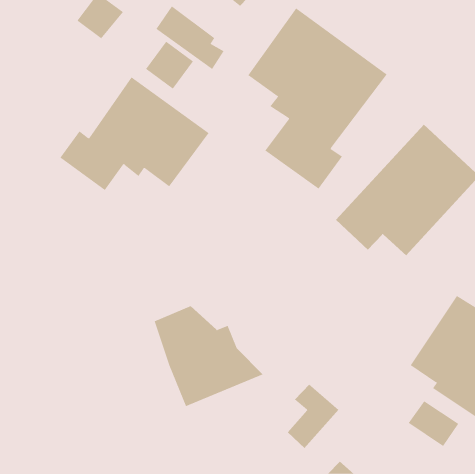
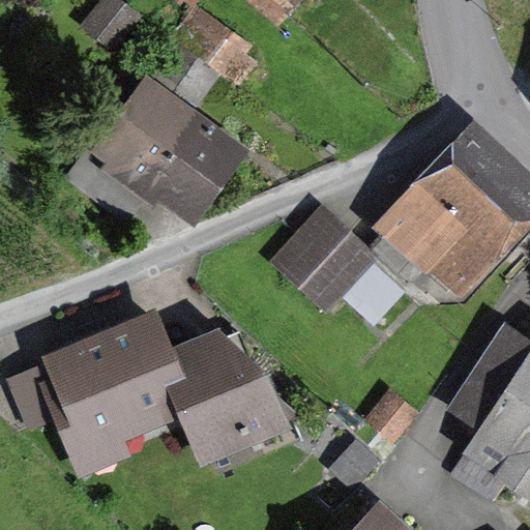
building: [247,7,388,190] -> none
building: none -> [279,211,371,302]
building: none -> [53,315,188,440]

